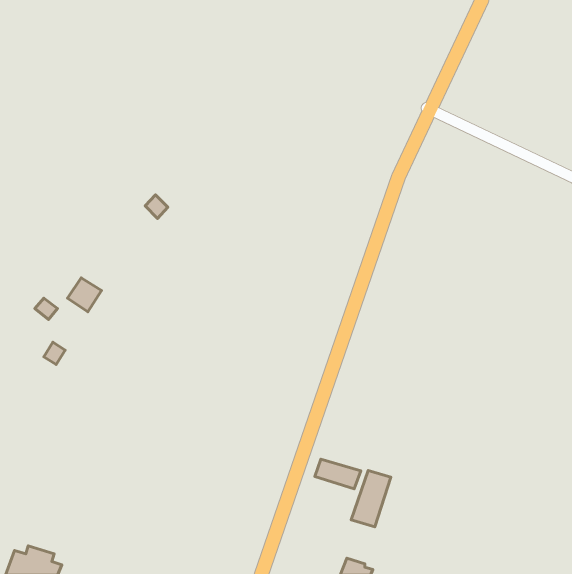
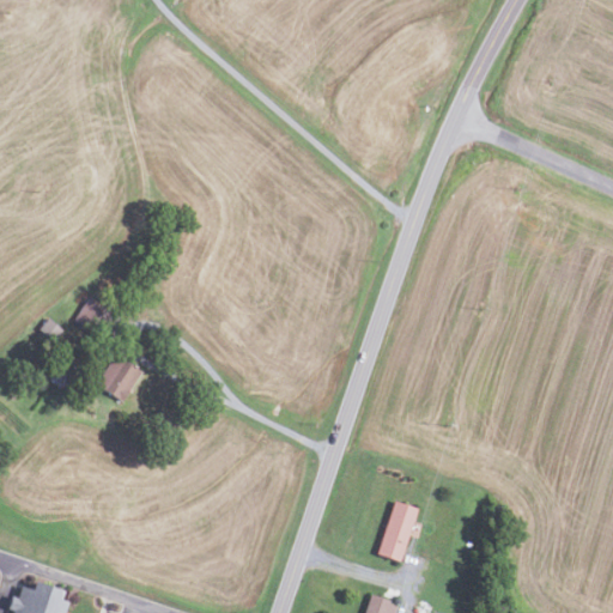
building: none -> [98,356,144,402]
building: [315,459,361,489] -> none

